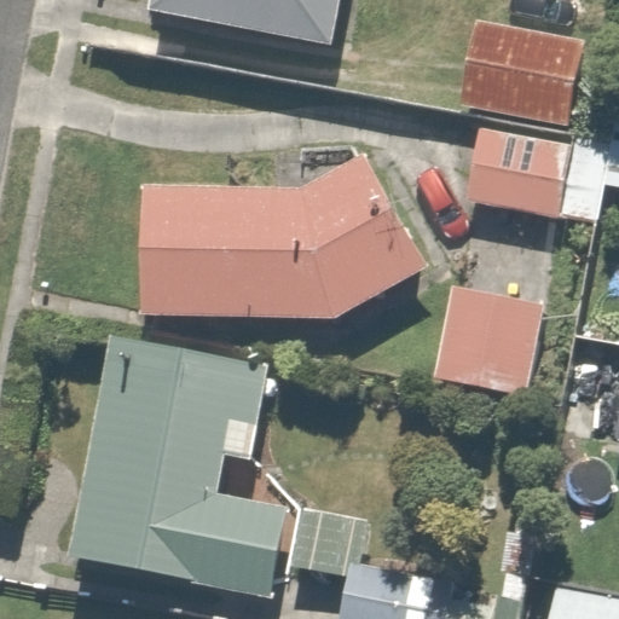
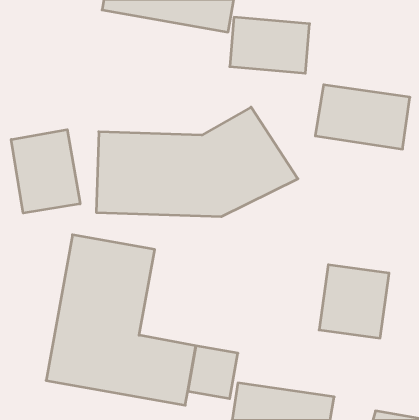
building: [458,35,575,117] -> [230,17,310,73]
building: none -> [11,130,80,213]
building: [435,278,538,386] -> [319,265,389,338]

